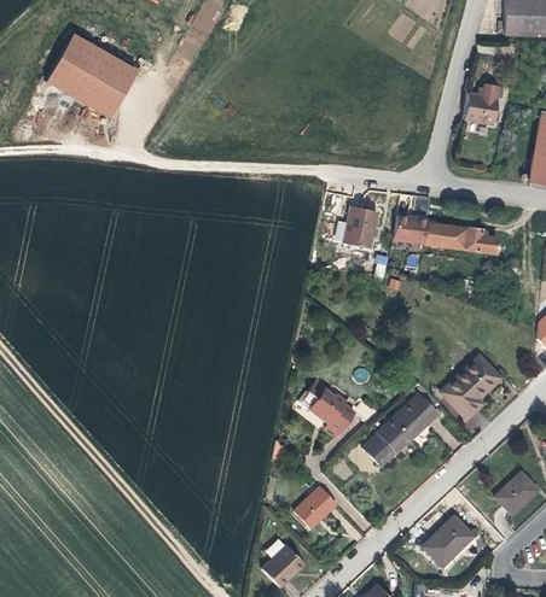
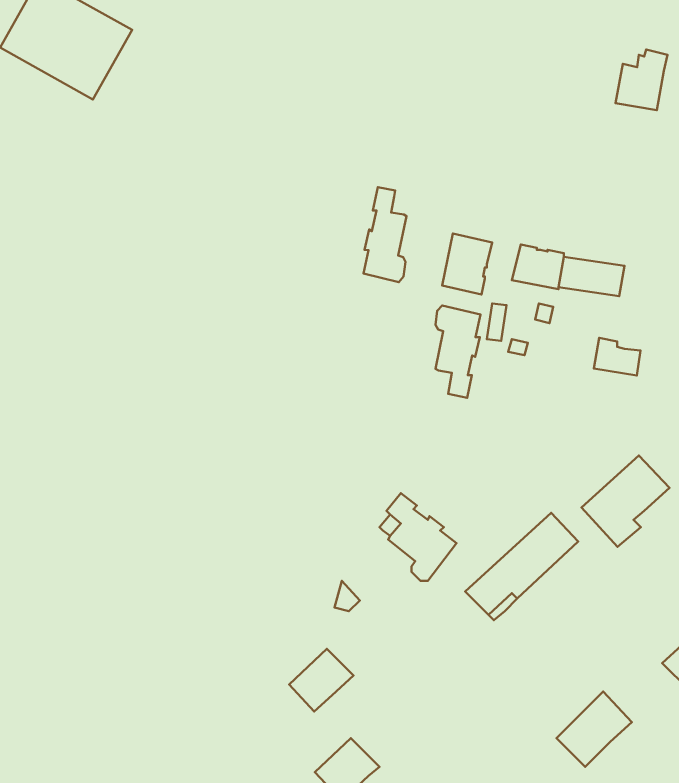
building: none -> [363,187,406,282]
building: [465,228,496,253] -> [594,338,640,376]
building: none -> [435,305,480,398]
building: [294,486,337,528] -> [289,649,354,711]

